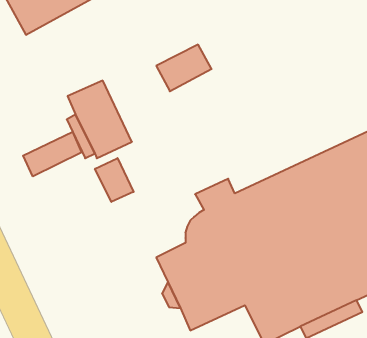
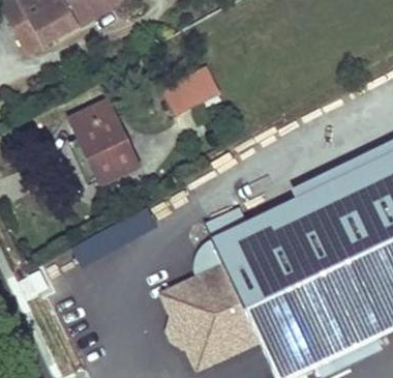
building: [23,132,82,176] -> none
building: [95,158,134,202] -> none

